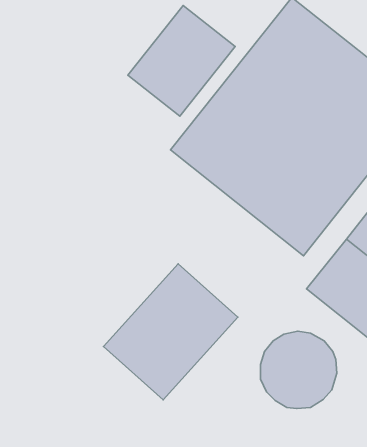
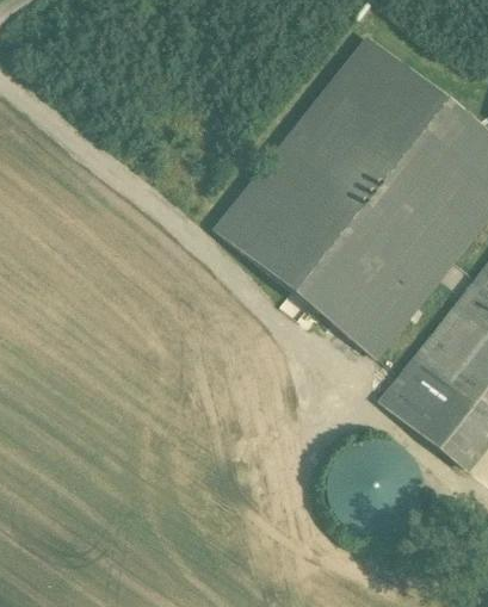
building: [128,6,235,116] -> none
building: [103,264,238,400] -> none

